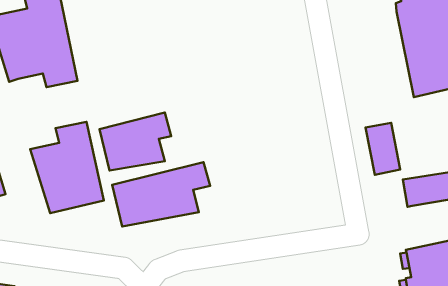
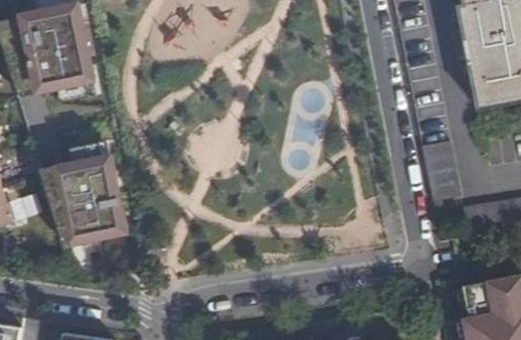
building: [100,113,171,170] -> none
building: [112,162,210,227] -> none

